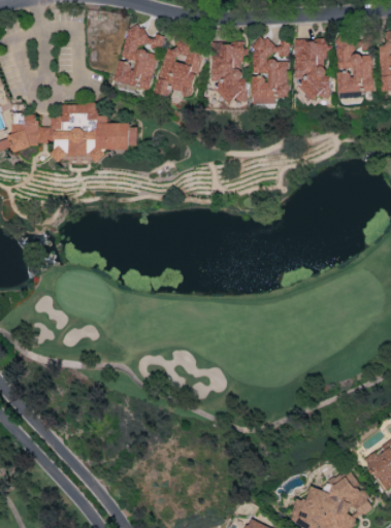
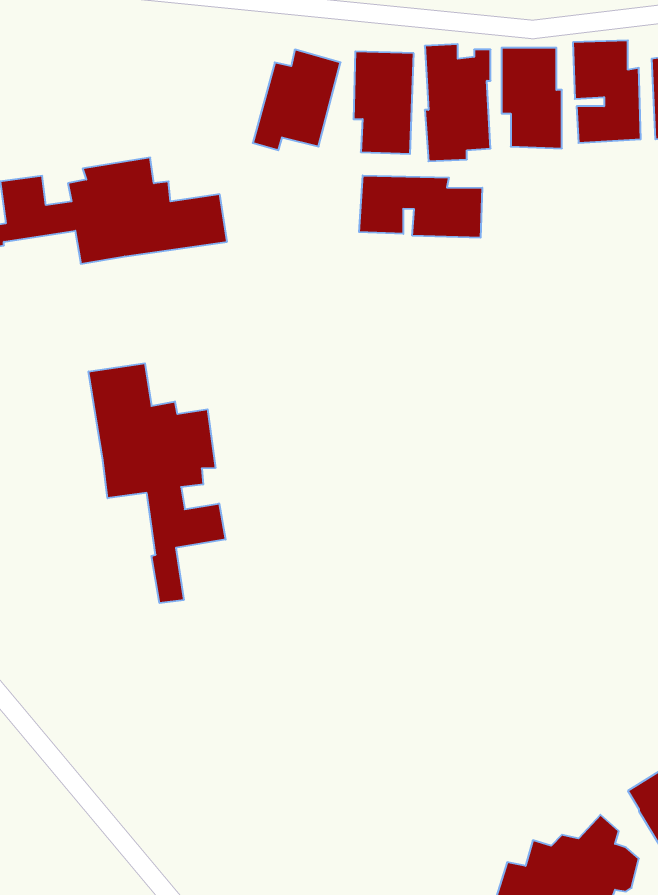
building: [115,25,162,90] -> none
building: none -> [359,175,482,238]
building: none -> [89,363,226,603]

